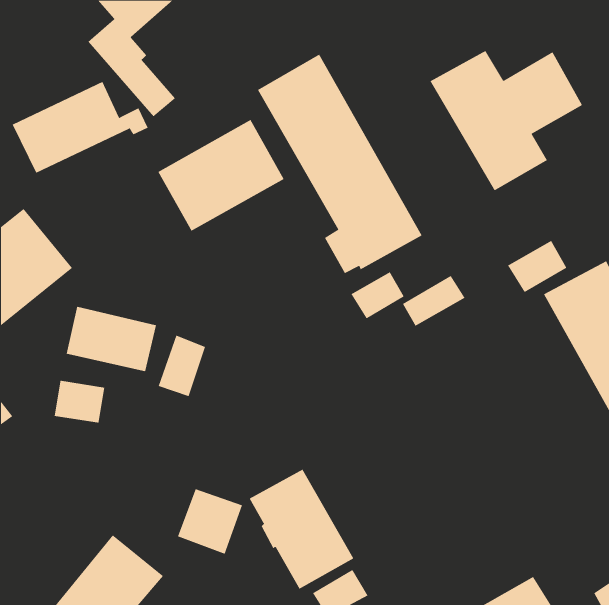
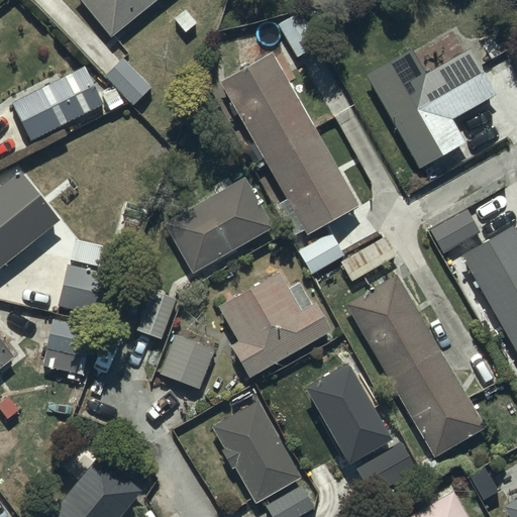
building: [158,119,284,232] -> [165,178,272,273]
building: none -> [217,270,330,378]
building: none -> [346,276,485,456]
building: none -> [306,361,395,464]
building: [177,489,243,554] -> [159,334,214,390]
building: none -> [356,443,416,494]

